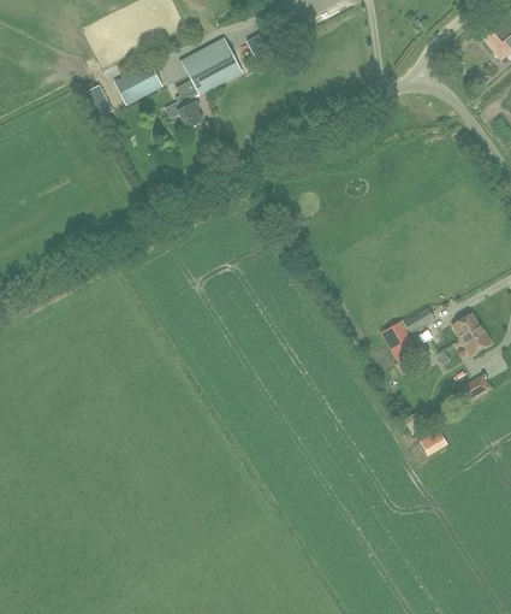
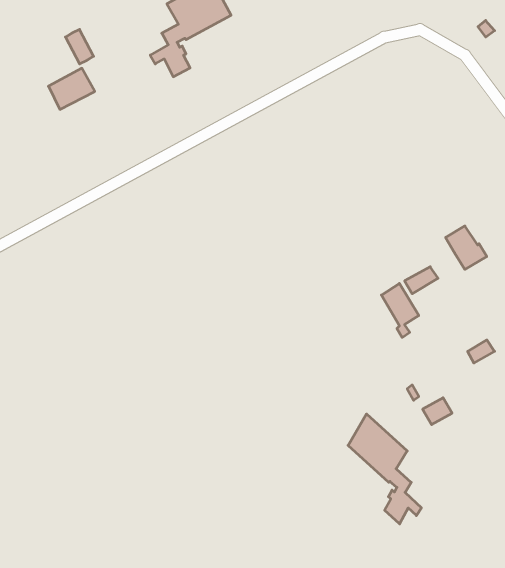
building: [117,64,160,102] -> [48,68,95,109]
building: [453,313,492,354] -> [446,226,487,269]
building: none -> [348,414,421,524]

